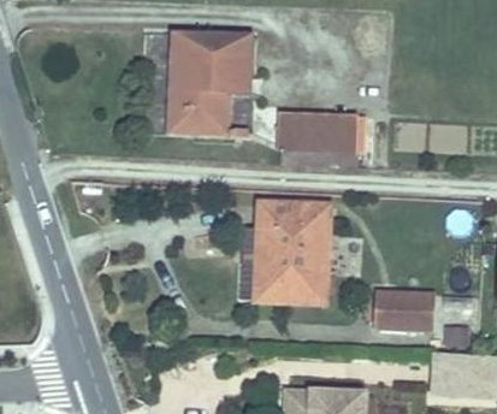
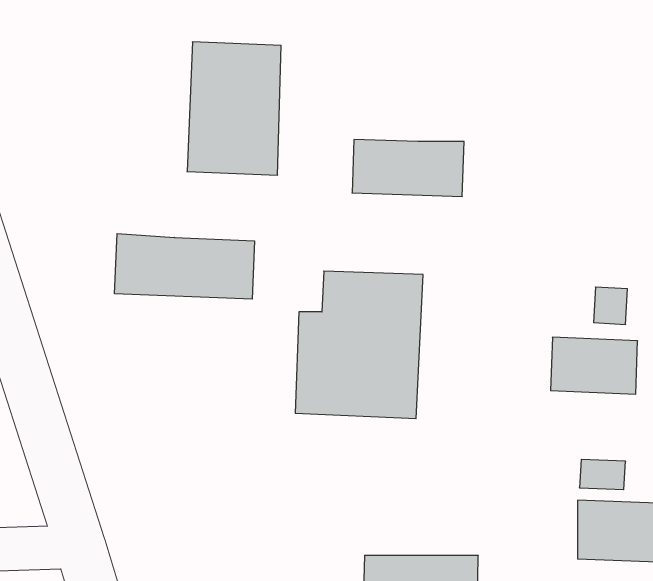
building: none -> [115,234,254,299]
building: [377,291,436,330] -> [551,337,638,394]

